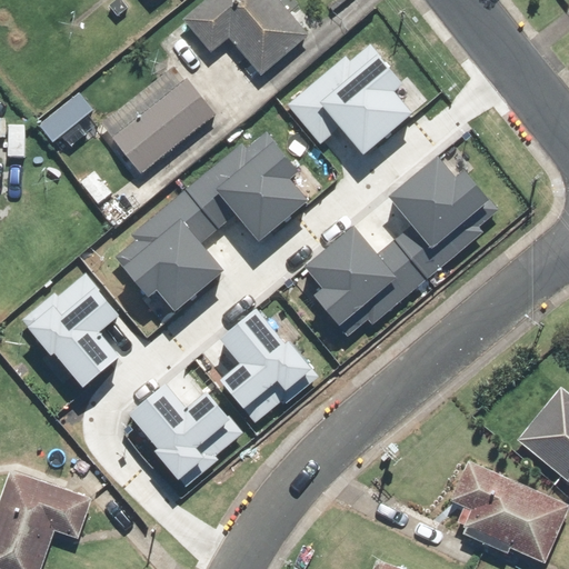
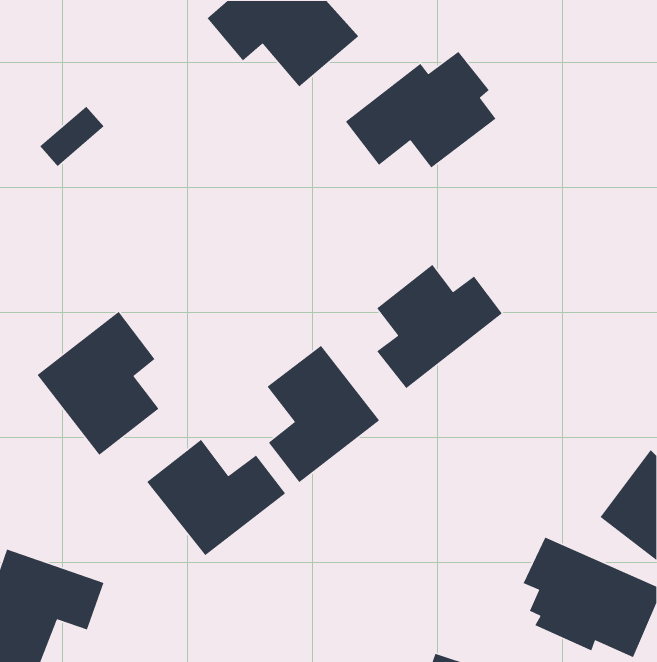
building: [93,68,209,179] -> none
building: [197,122,329,237] -> none
building: [392,150,510,248] -> none
building: [109,190,241,307] -> none

